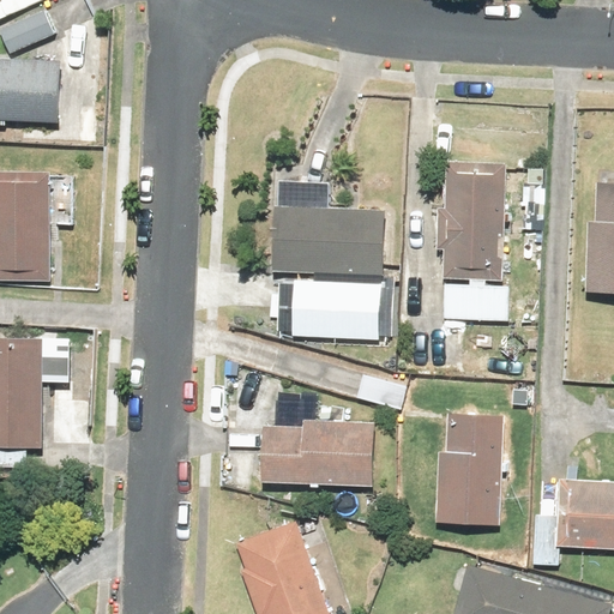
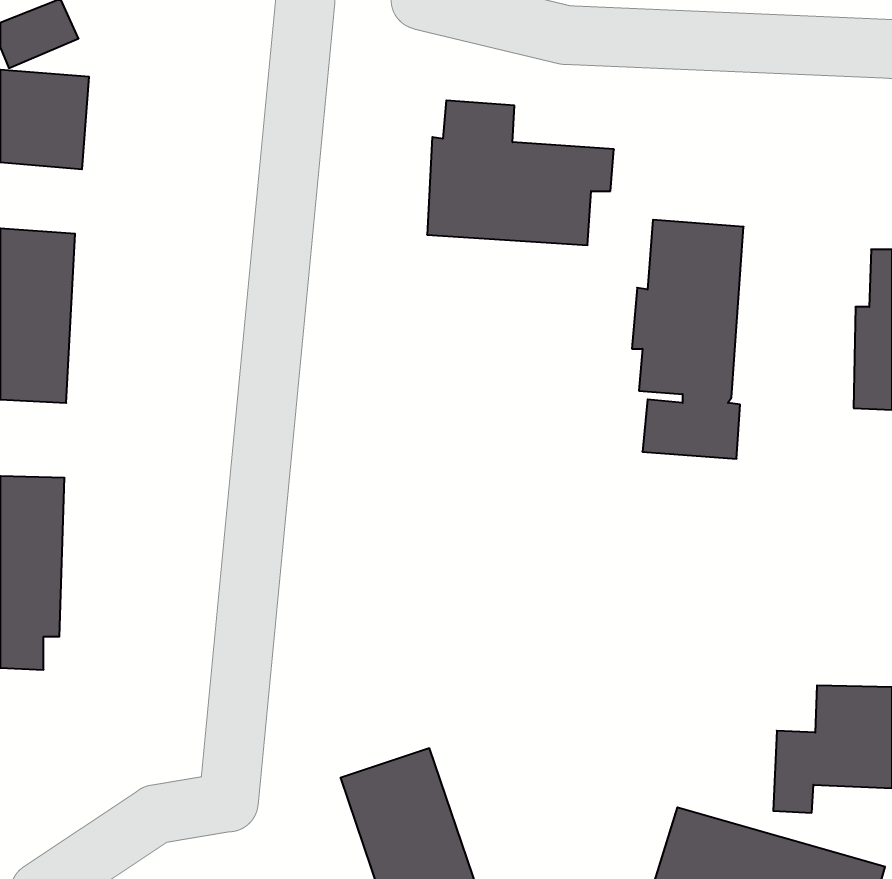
building: [270,179,398,278] -> [427,100,614,245]
building: [290,279,379,344] -> none
building: [261,407,374,486] -> none
building: [434,411,502,526] -> none

